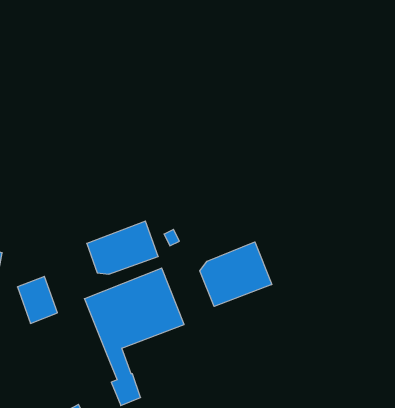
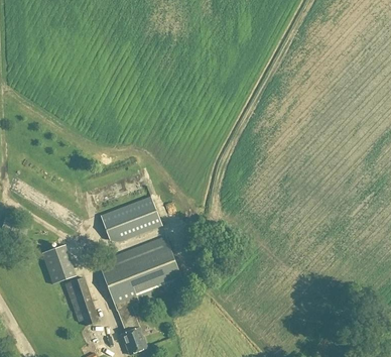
building: [200,242,272,306] -> none
building: none -> [64,276,99,325]

